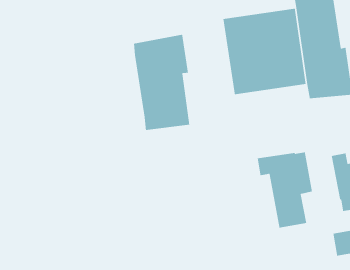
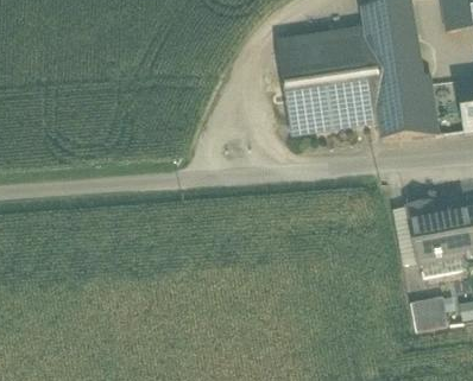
building: [133,34,190,131] -> none
building: [257,151,313,228] -> none

